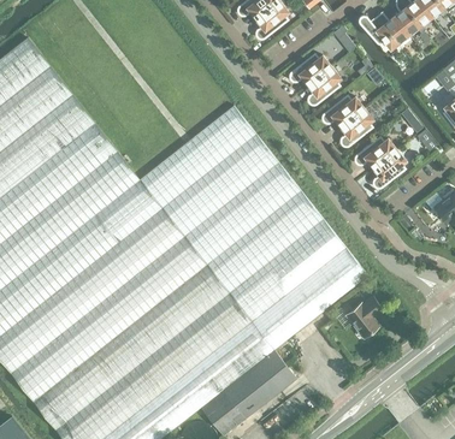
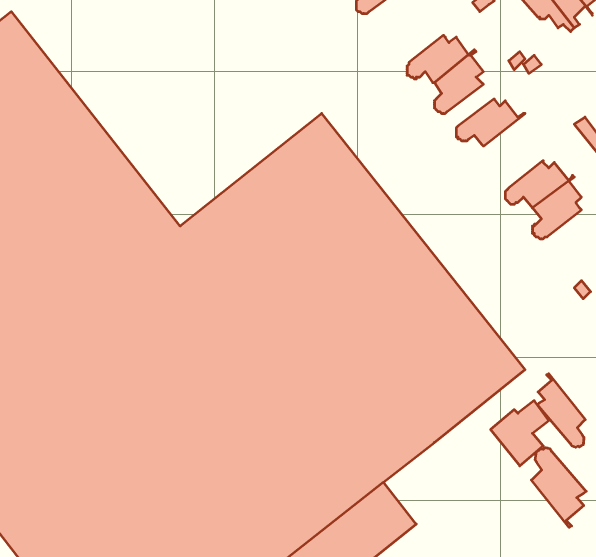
building: [341,106,373,147] -> none
building: none -> [537,374,585,447]
building: none -> [531,448,586,527]

